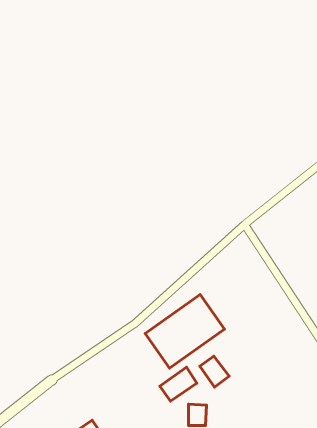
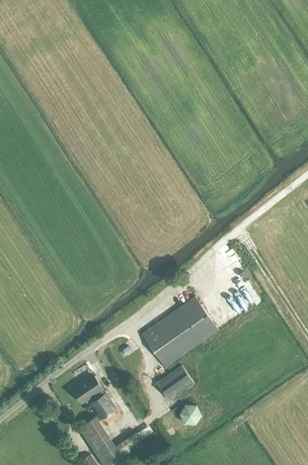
building: [200,356,229,387] -> none
building: none -> [72,374,114,418]

